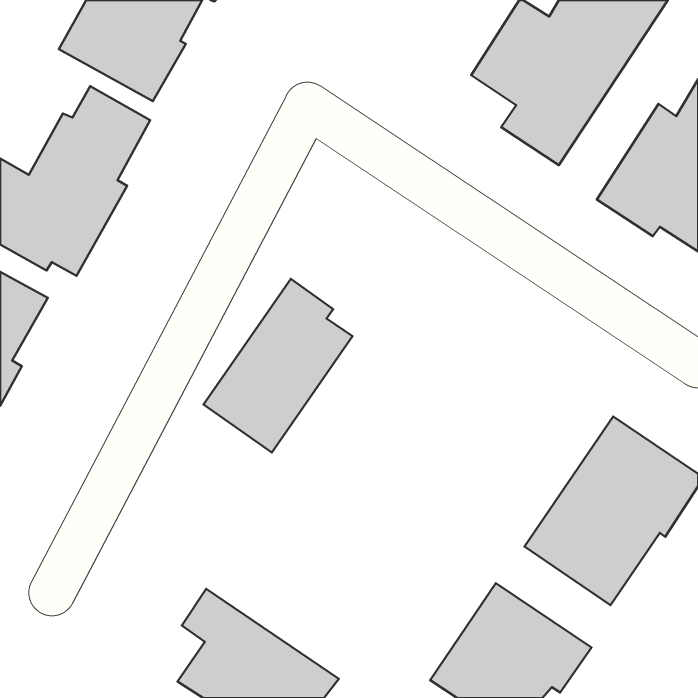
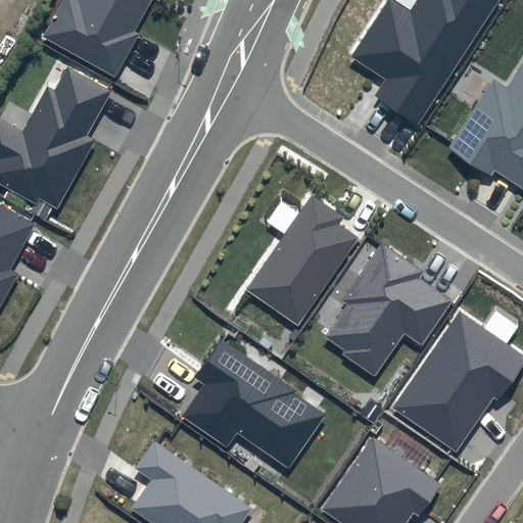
building: [203,279,352,452] -> [247,195,359,325]
building: none -> [325,243,453,377]
building: none -> [182,338,325,467]

